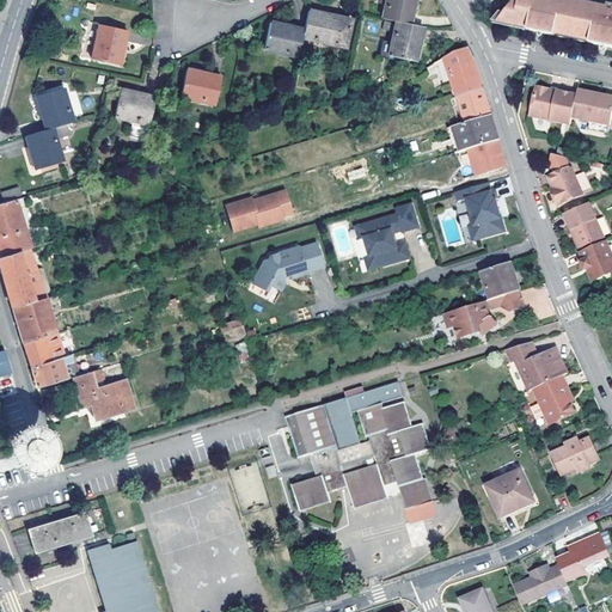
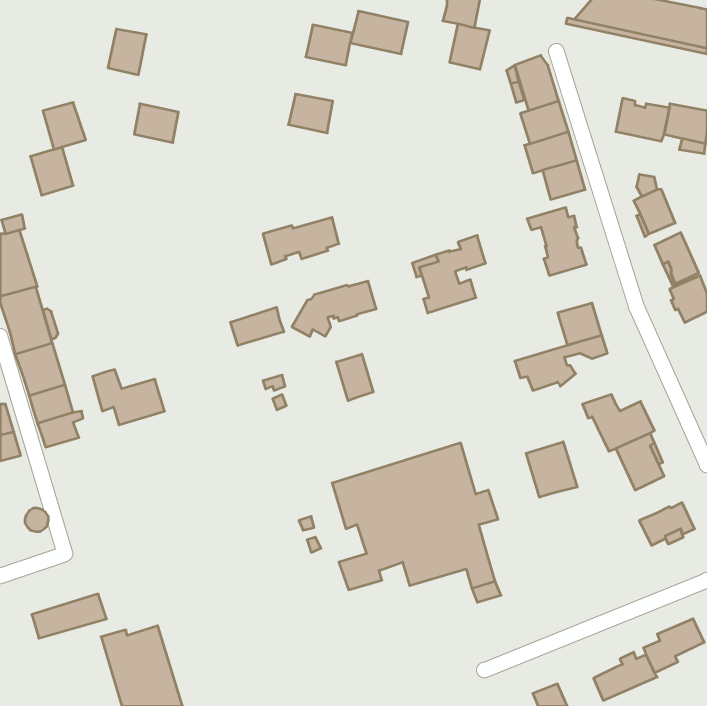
building: [182,69,220,103] -> [288,94,333,133]
building: none -> [231,307,284,346]
building: none -> [336,354,373,401]
building: [73,371,135,418] -> [93,370,165,425]
building: none -> [526,442,577,497]
building: [488,470,533,515] -> none

